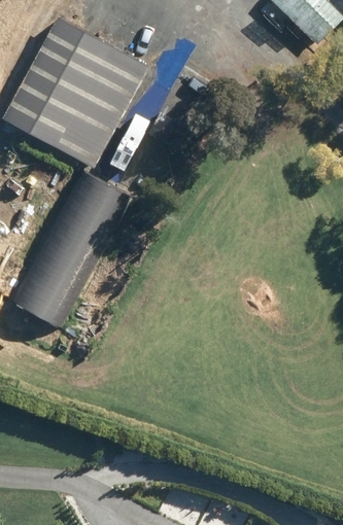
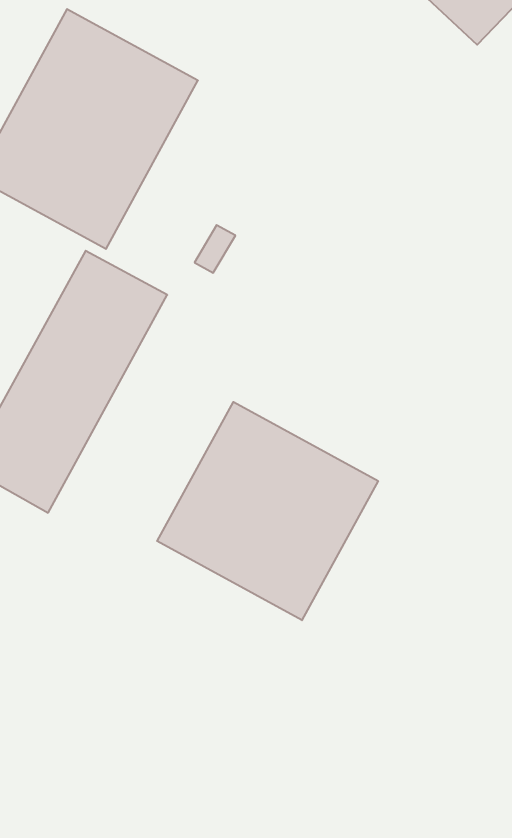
building: none -> [157,402,378,620]

